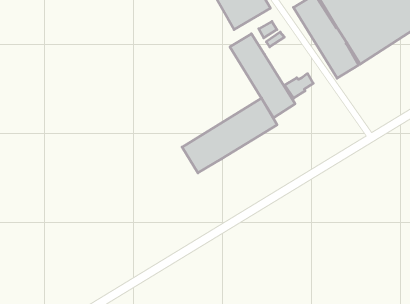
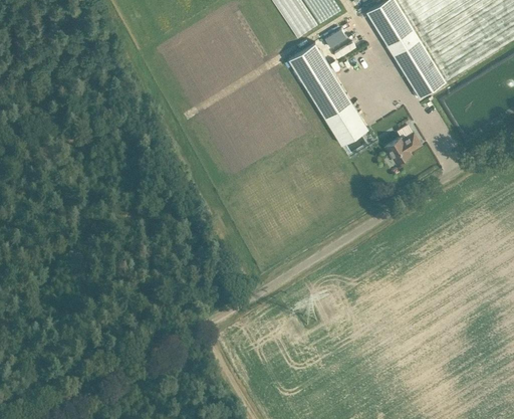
building: [284,74,313,98] -> [386,134,421,164]
building: [182,98,277,173] -> none

